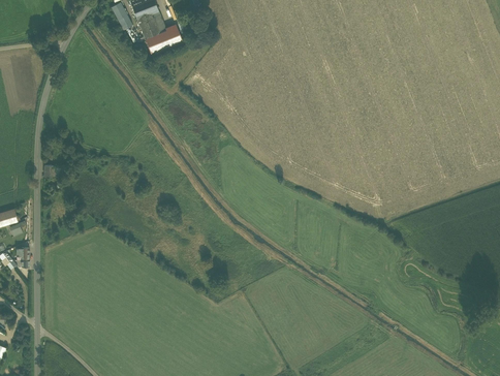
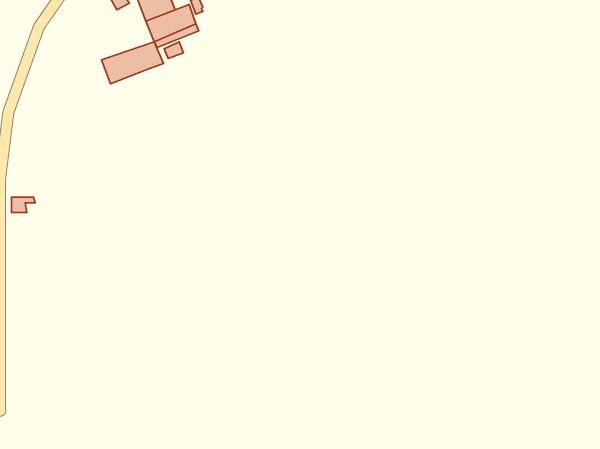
building: none -> [102,42,163,84]

